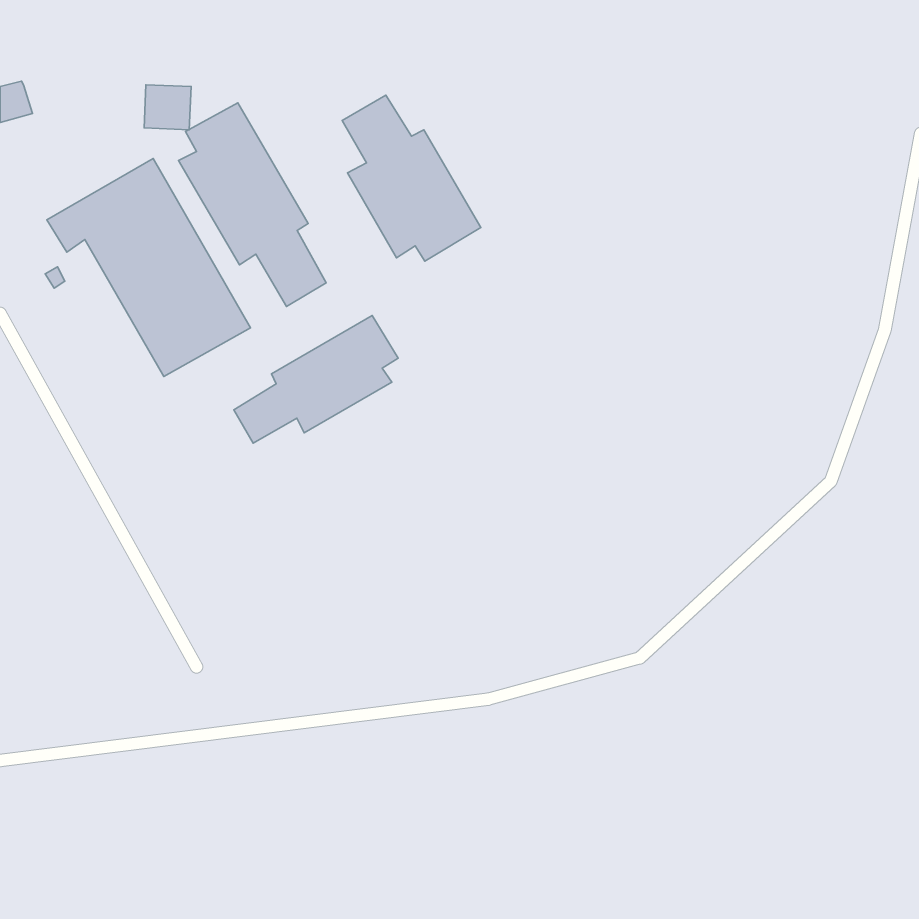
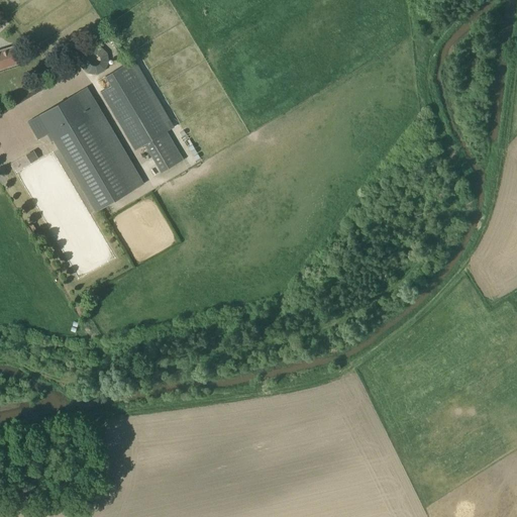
building: [342,95,481,261] -> none
building: [234,315,398,443] -> none

